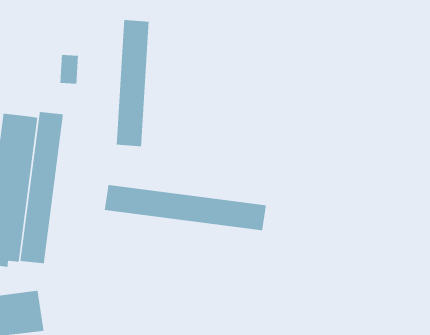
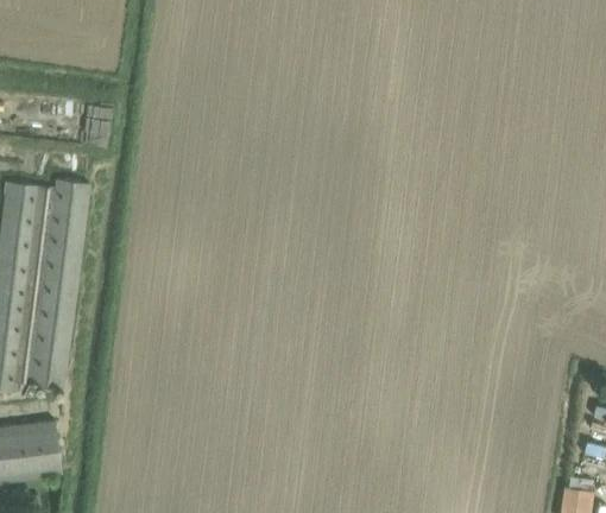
building: [116,19,149,147] -> none
building: [104,184,267,231] -> none

